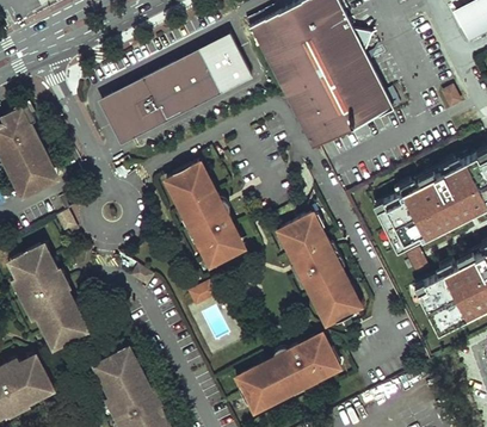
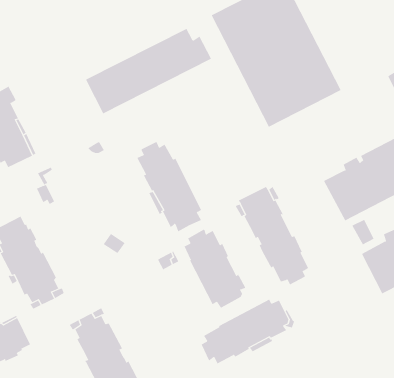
building: [97,33,238,142] -> none
building: none -> [184,229,246,309]

